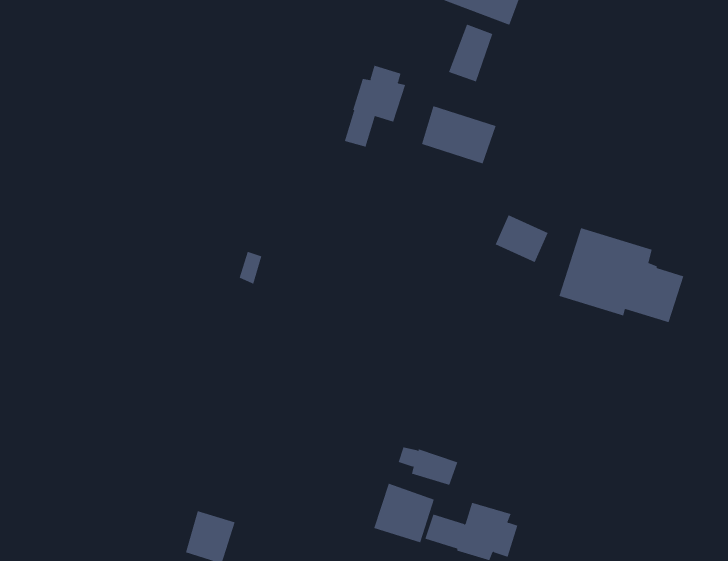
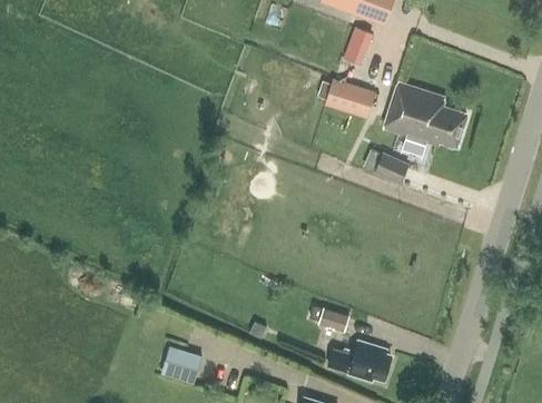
building: [344,65,406,148] -> none
building: [559,228,684,323] -> [382,82,465,146]
building: [373,483,435,543] -> none

